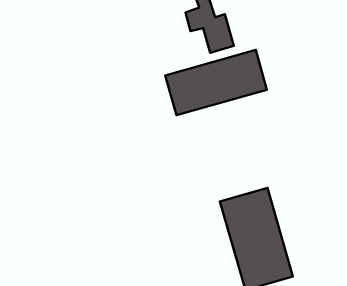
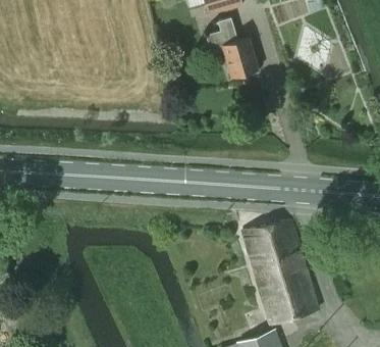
building: [165,50,267,115] -> none

